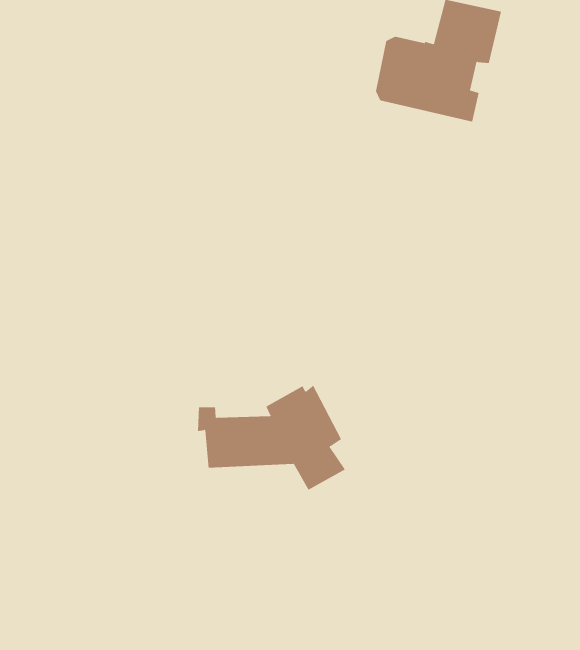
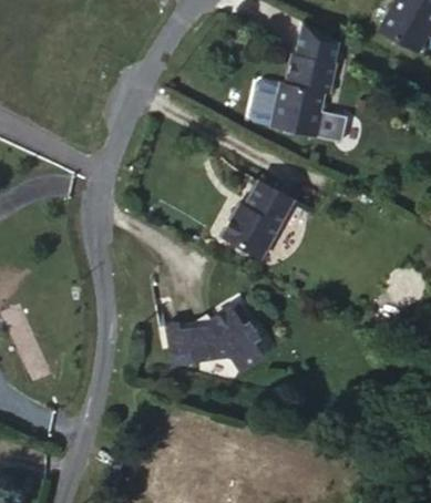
building: none -> [222,187,299,264]

